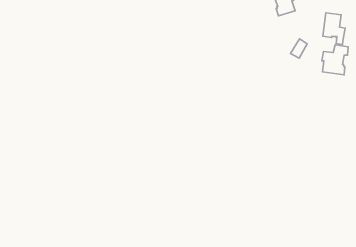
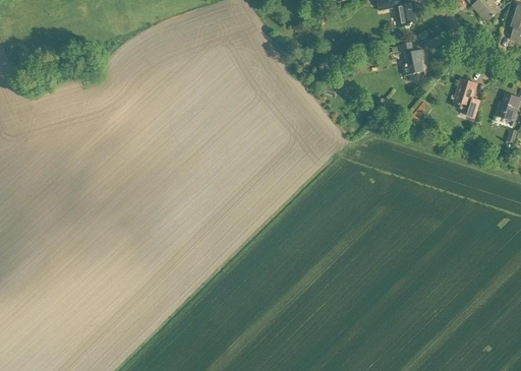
building: [322,45,348,75] -> none

